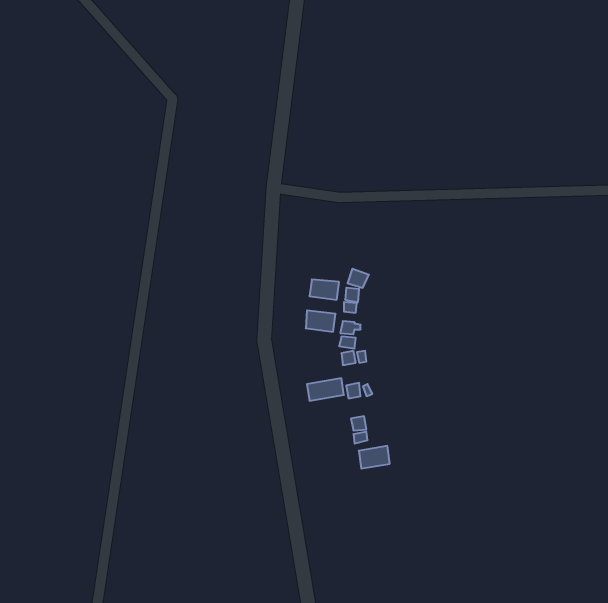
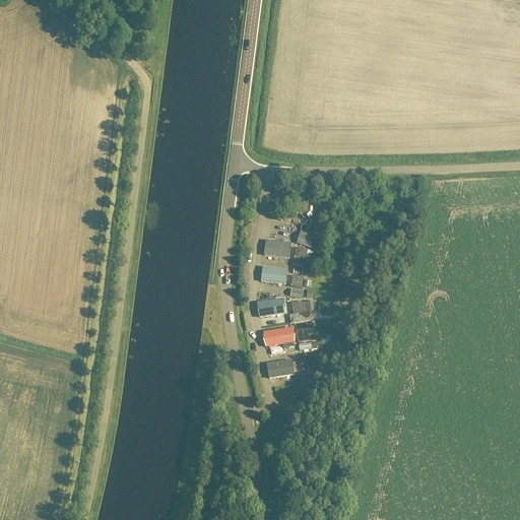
building: none -> [257,298,283,317]
building: [359,446,390,469] -> [267,359,294,378]

